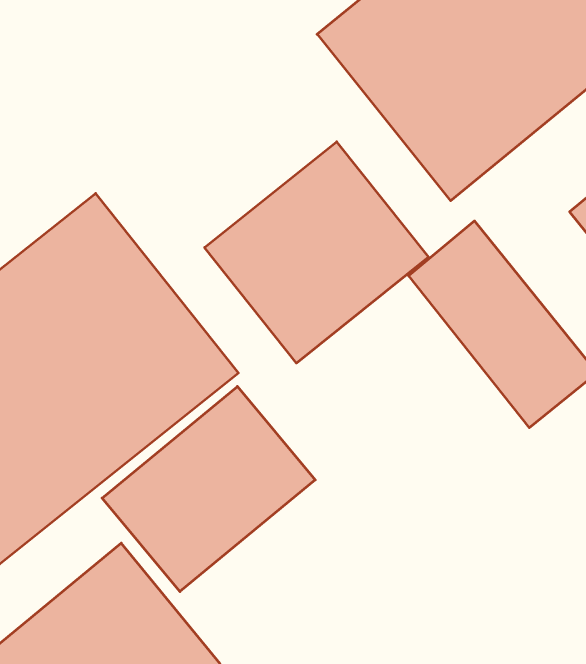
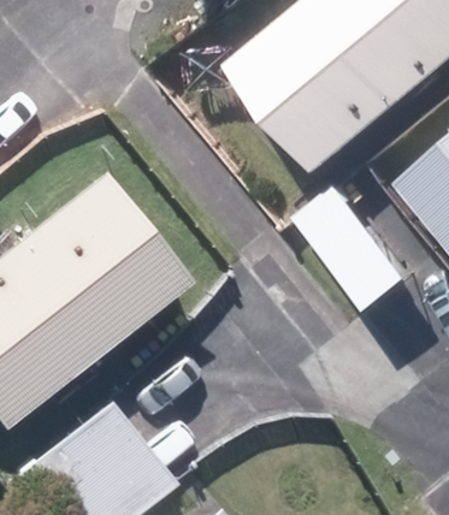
building: [205,142,428,363] -> none
building: [102,386,315,592] -> none

